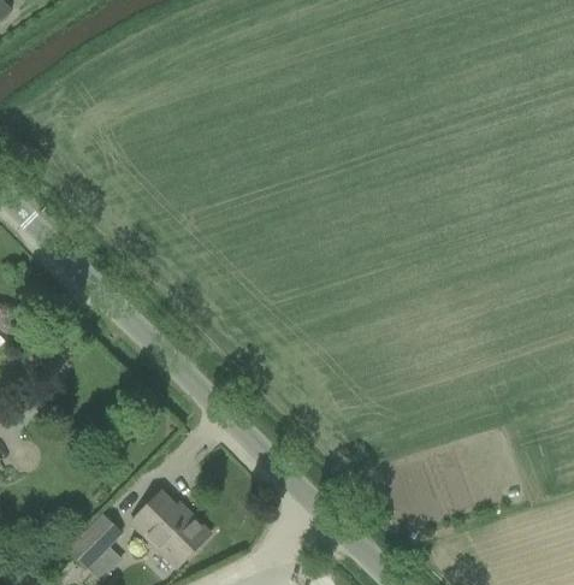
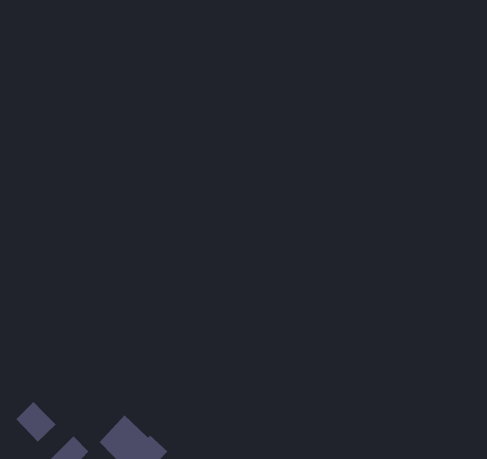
building: none -> [16,401,57,442]

